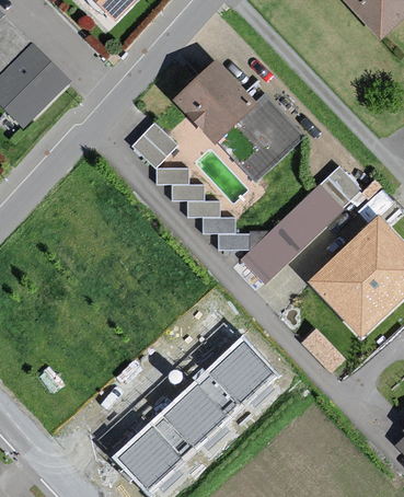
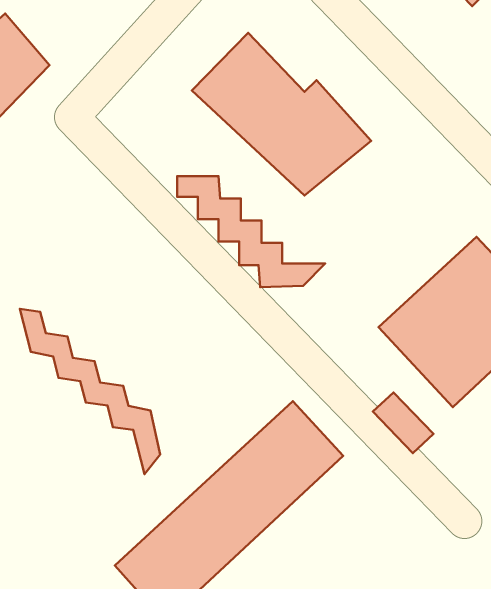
building: [135,122,182,167] -> none
building: [244,163,366,281] -> none
building: none -> [20,309,160,474]

